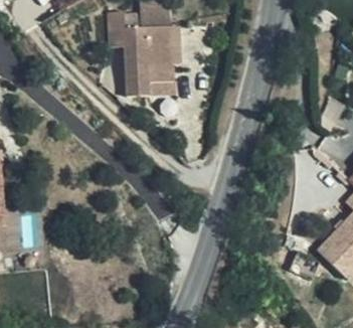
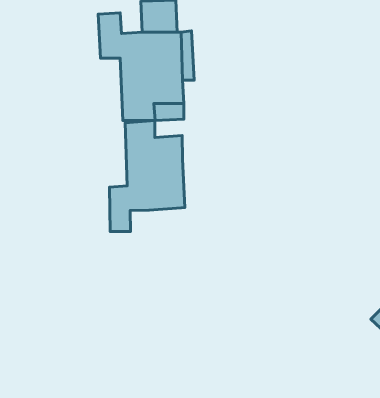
building: none -> [109,120,185,232]

